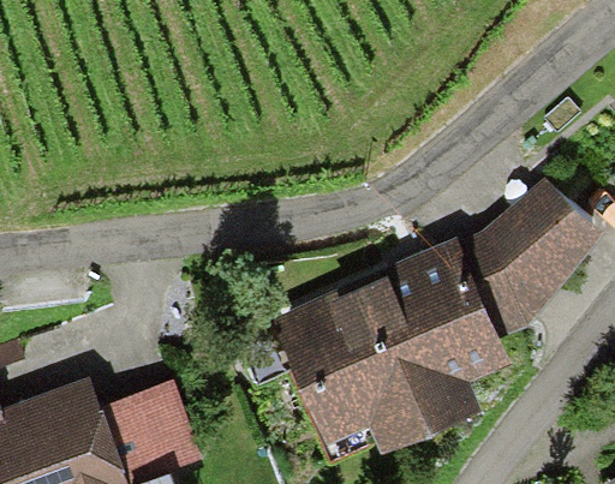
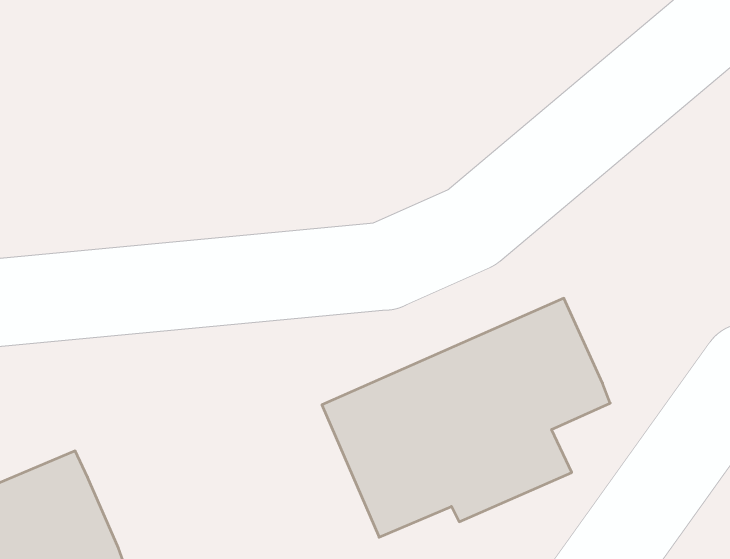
building: [471,186,595,330] -> none
building: [100,368,207,459] -> none

